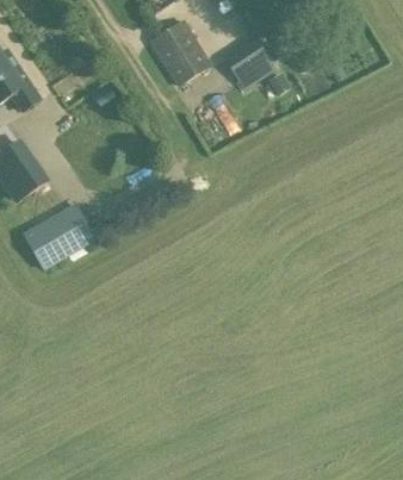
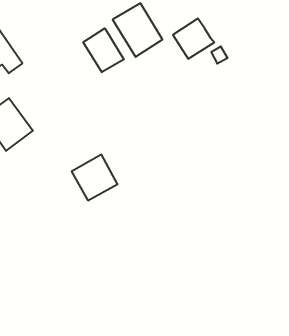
building: none -> [83,28,124,72]
building: [37,202,94,260] -> [72,154,118,200]

